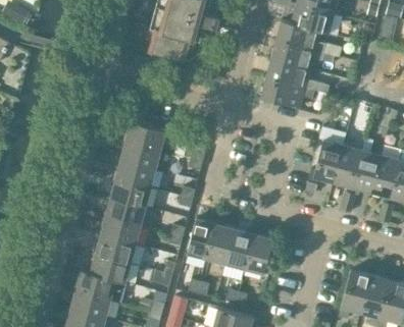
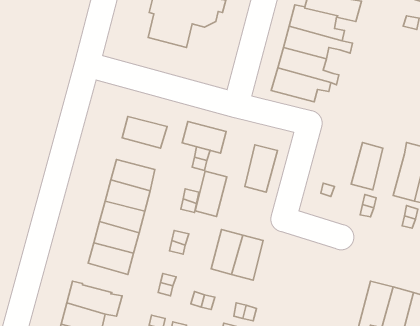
building: [313,140,343,182] -> [245,145,277,192]
building: [120,141,160,169] -> [182,121,226,153]
building: [352,150,381,193] -> none
building: [187,218,215,259] -> [195,171,227,216]
building: [244,233,273,274] -> none
building: [90,254,131,283] -> none

